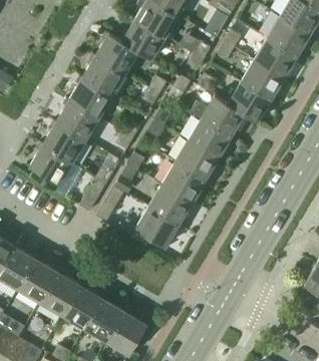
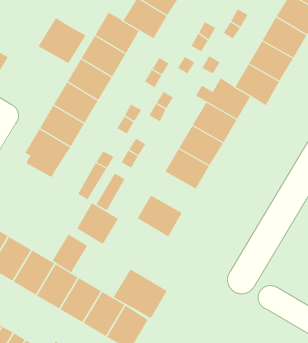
building: none -> [38,17,86,64]
building: [148,185,192,224] -> none
building: none -> [77,202,119,245]
building: none -> [52,234,88,273]
building: none -> [113,268,167,319]

